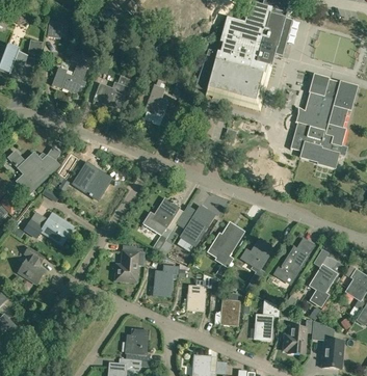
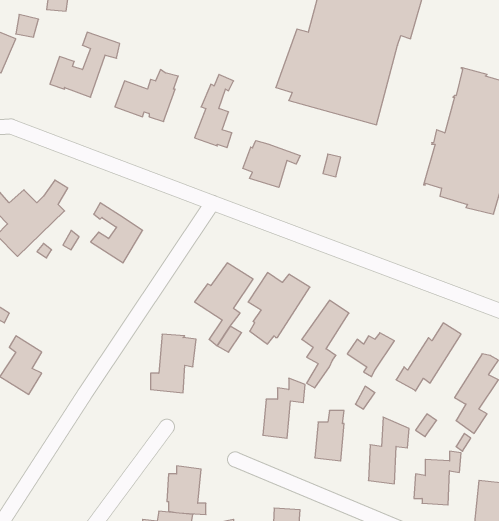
building: none -> [243,141,300,187]
building: [24,211,71,245] -> none
building: [153,266,177,297] -> none

